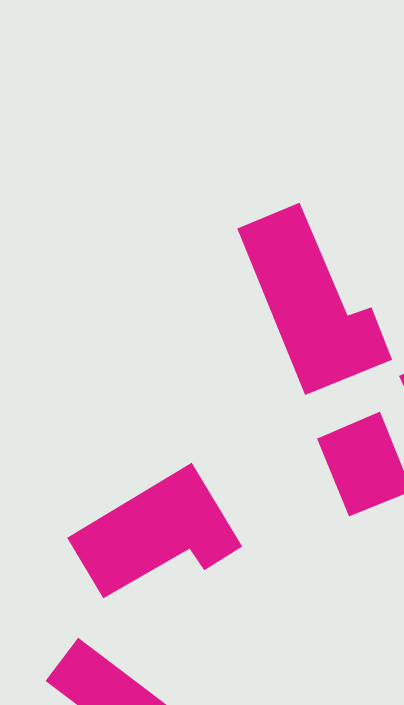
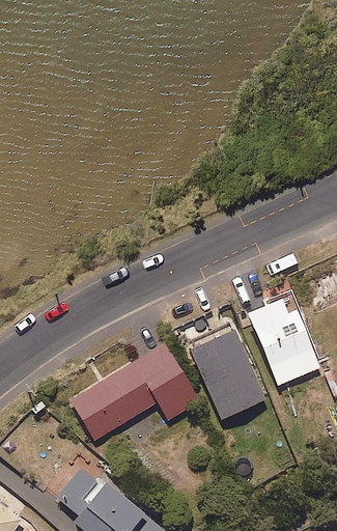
building: [236,202,393,396] -> none
building: none -> [188,329,264,418]

